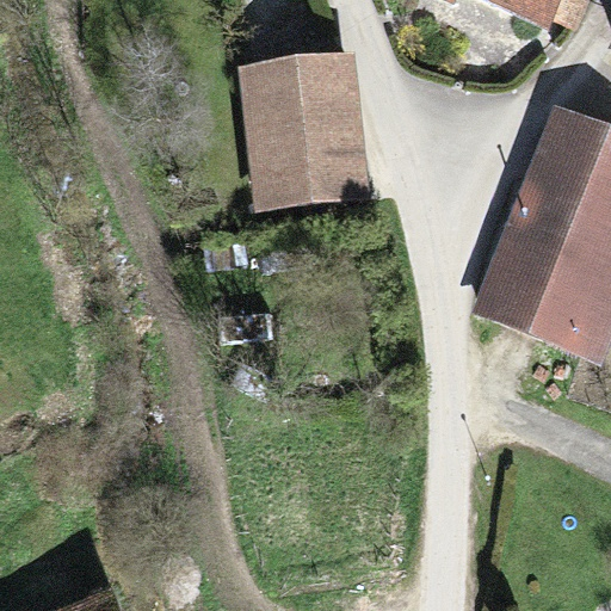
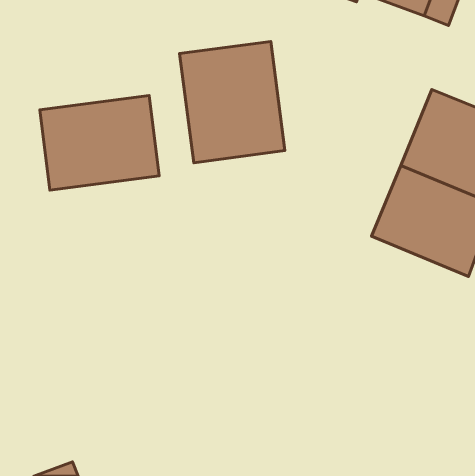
building: none -> [40,96,159,190]

